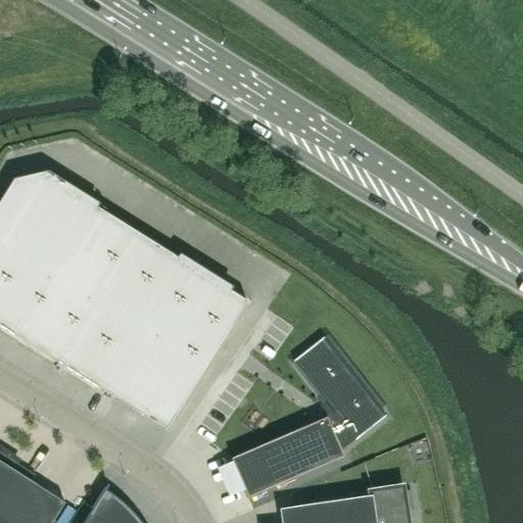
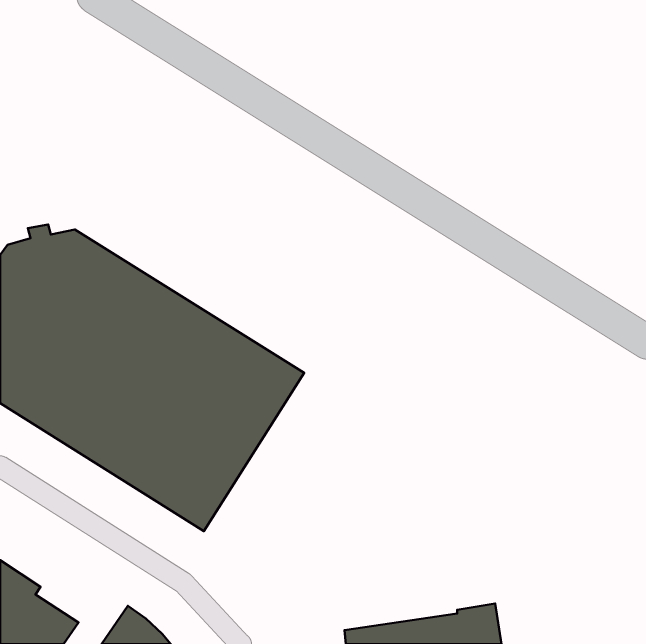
building: [231,336,385,496] -> none

